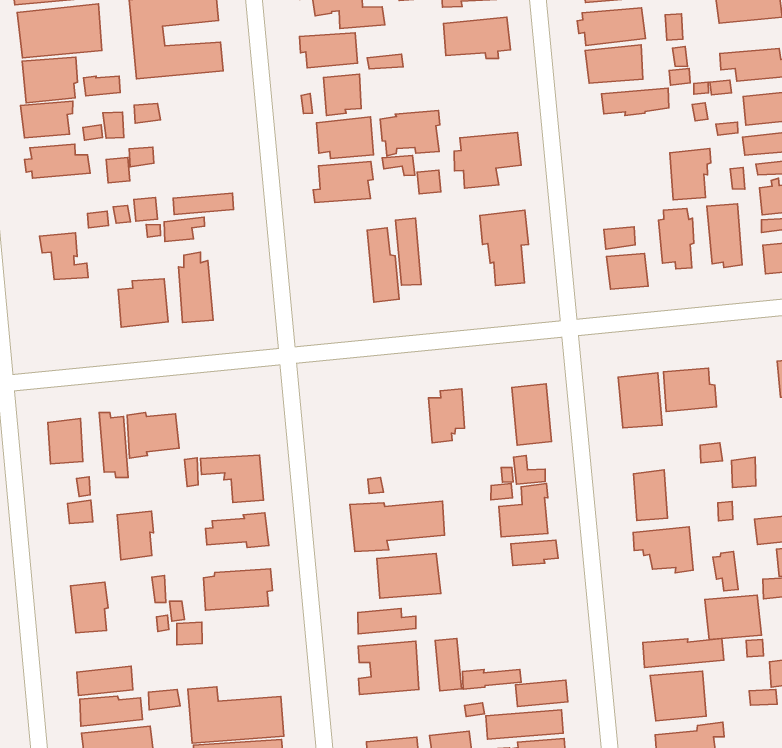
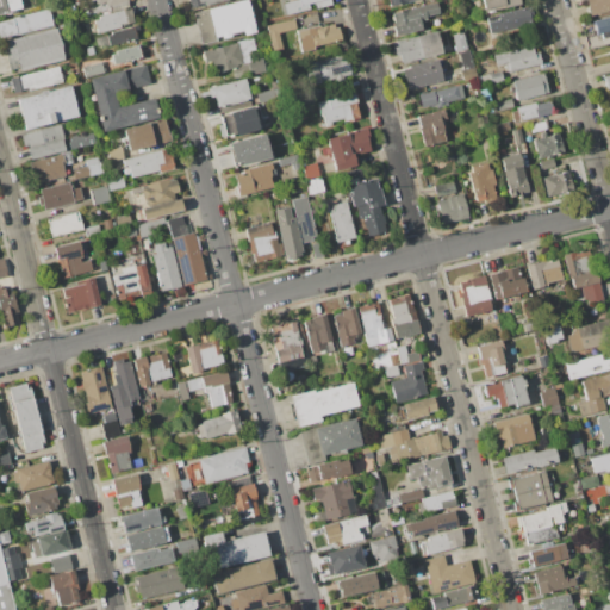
building: none -> [124,119,172,152]
building: [380,110,440,156] -> [318,92,361,127]
building: none -> [125,149,176,179]
building: [670,148,711,200] -> [418,108,447,147]
building: none -> [132,178,180,205]
building: none -> [48,212,83,237]
building: none -> [330,203,355,243]
building: none -> [173,232,207,287]
building: none -> [247,223,281,262]
building: none -> [63,278,101,312]
building: none -> [525,257,562,290]
building: none -> [359,301,393,347]
building: none -> [305,313,335,355]
building: none -> [272,322,303,362]
building: none -> [186,338,224,372]
building: [117,511,153,560] -> [105,437,132,473]
building: none -> [376,429,452,466]
building: [705,595,762,639] -> [493,413,535,448]
building: none -> [230,483,259,519]
building: none -> [407,456,452,490]
building: none -> [122,508,161,533]
building: none -> [323,513,369,546]

